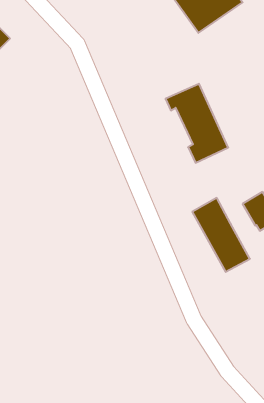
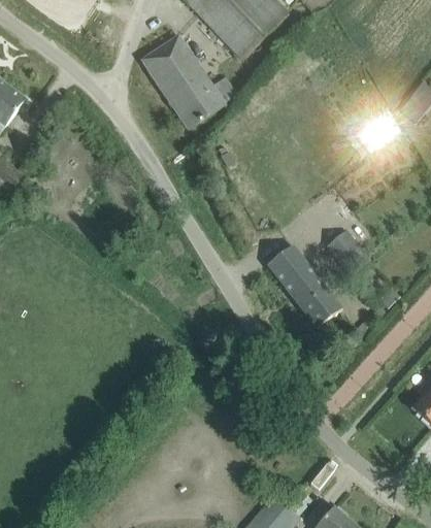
building: [165,84,228,163] -> [142,36,224,128]

